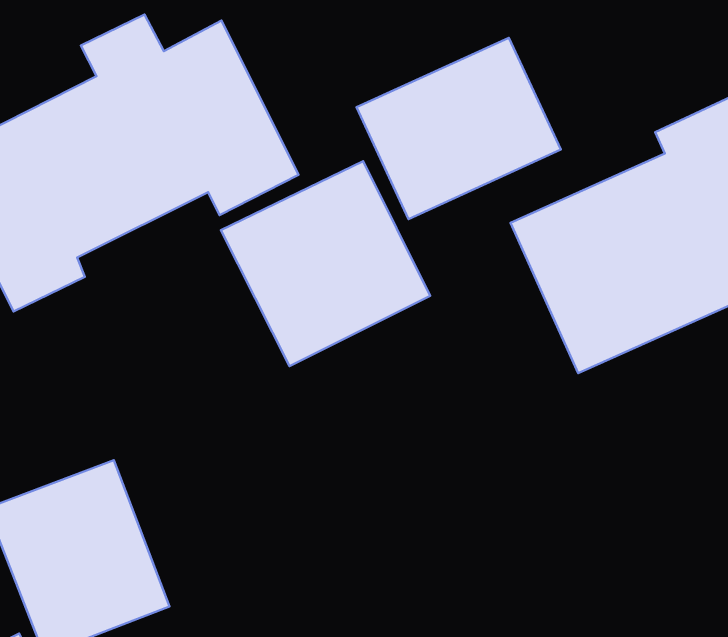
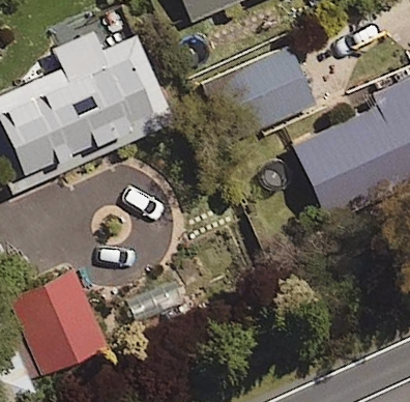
building: [221,161,430,366] -> none

